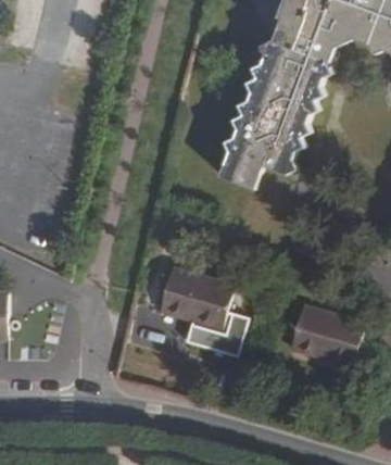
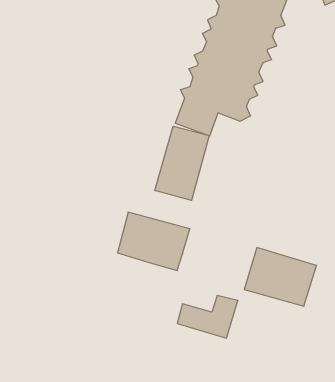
building: none -> [155,126,209,200]
building: [186,311,249,355] -> [177,295,238,338]

